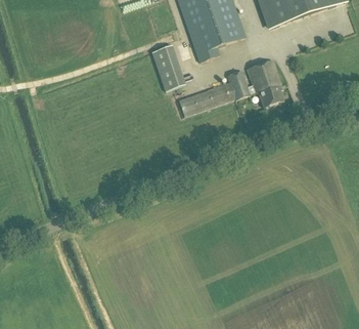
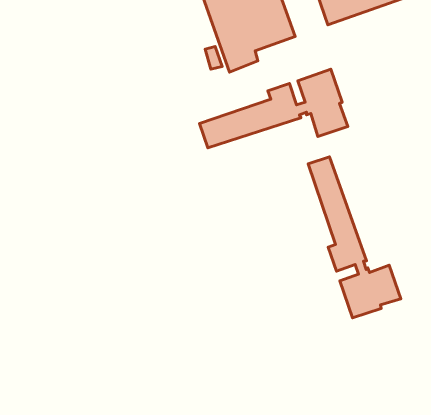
building: [151,43,185,89] -> none
building: none -> [308,157,401,318]

